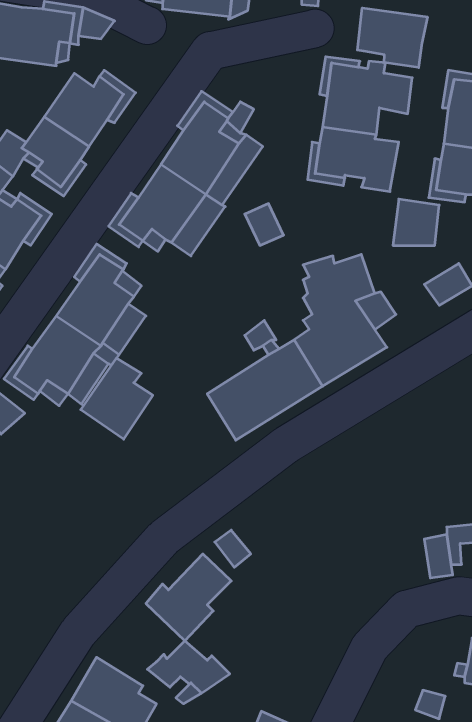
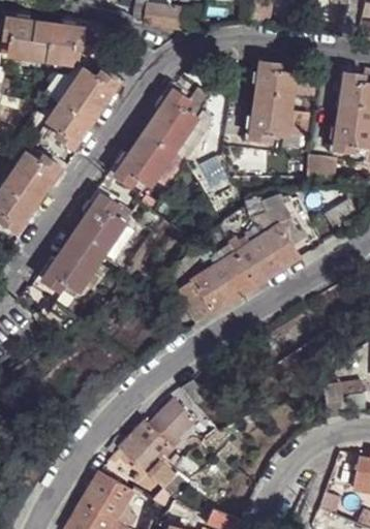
building: [357,8,427,68] -> none
building: [81,358,153,439] -> none
building: none -> [115,435,159,475]

